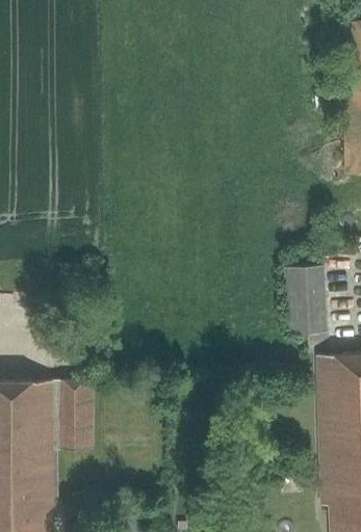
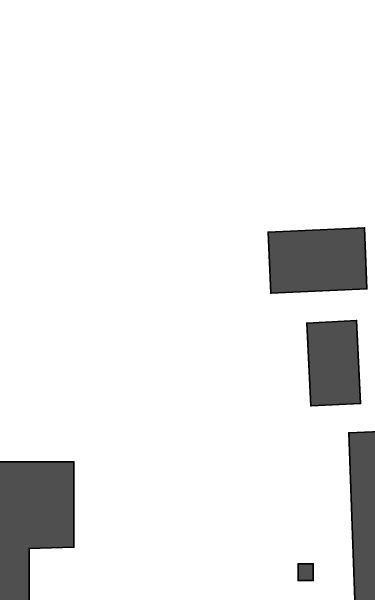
building: none -> [268,228,367,293]

